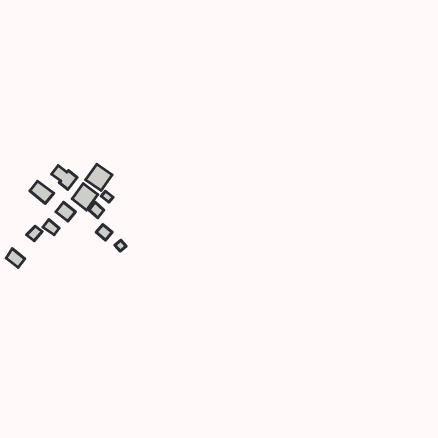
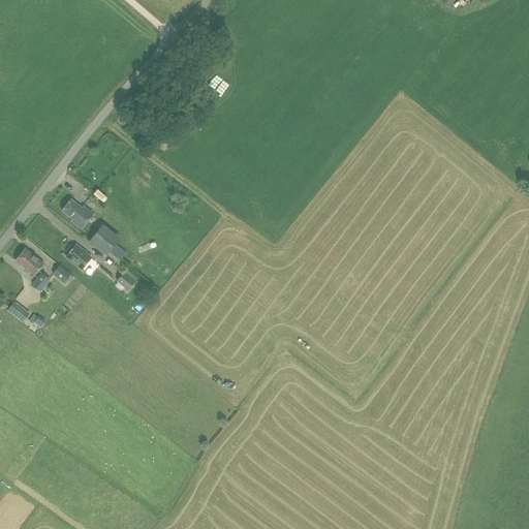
building: [86,164,112,190] -> none
building: [30,181,54,204] -> [15,248,44,275]

